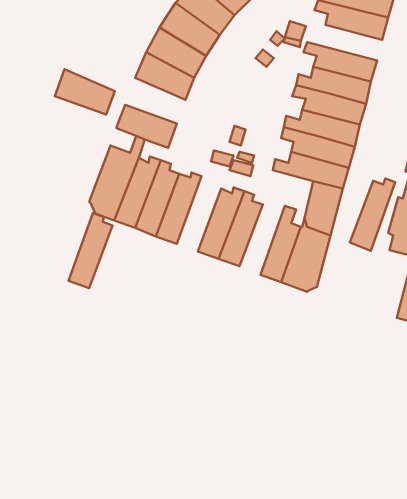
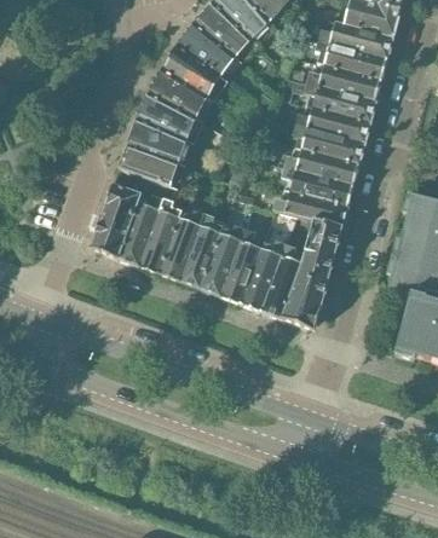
building: none -> [307,63,381,98]
building: [55,69,115,115] -> [128,115,188,160]
building: [350,178,395,251] -> [241,237,286,308]
building: [68,213,113,288] -> [179,212,223,285]

